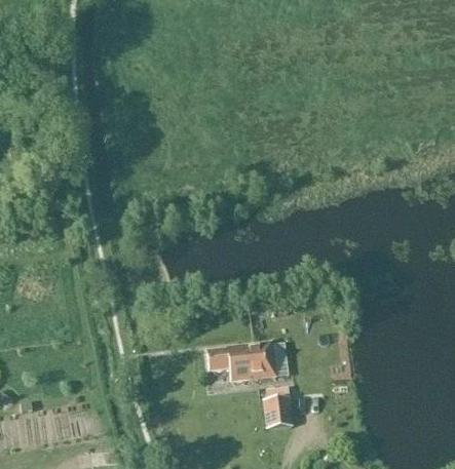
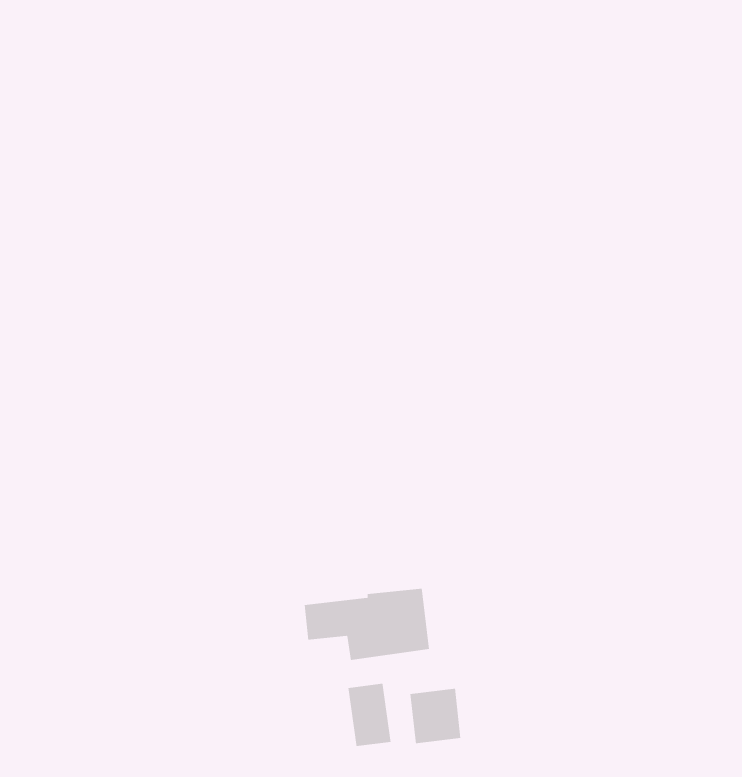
building: none -> [348,683,391,747]

